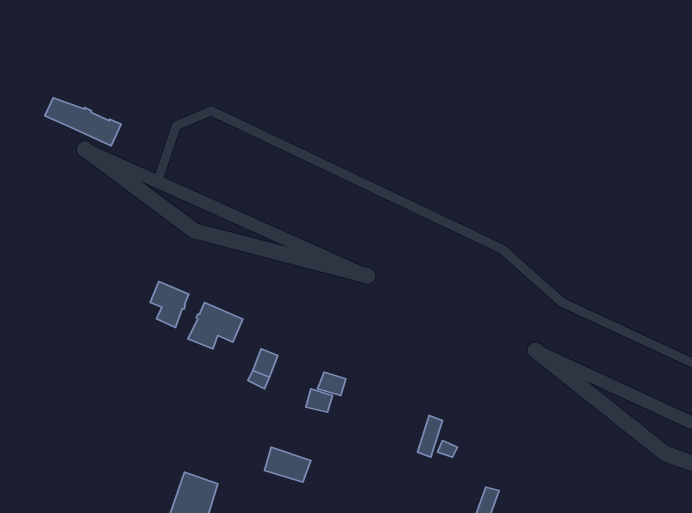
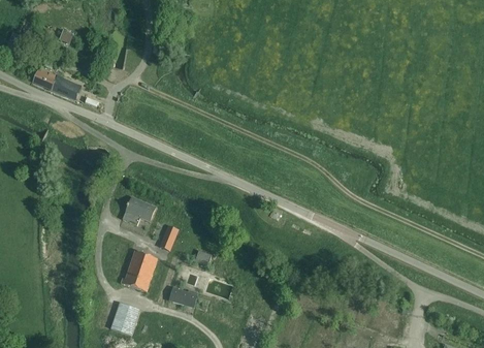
building: [150,282,189,327] -> none
building: none -> [121,250,157,291]

